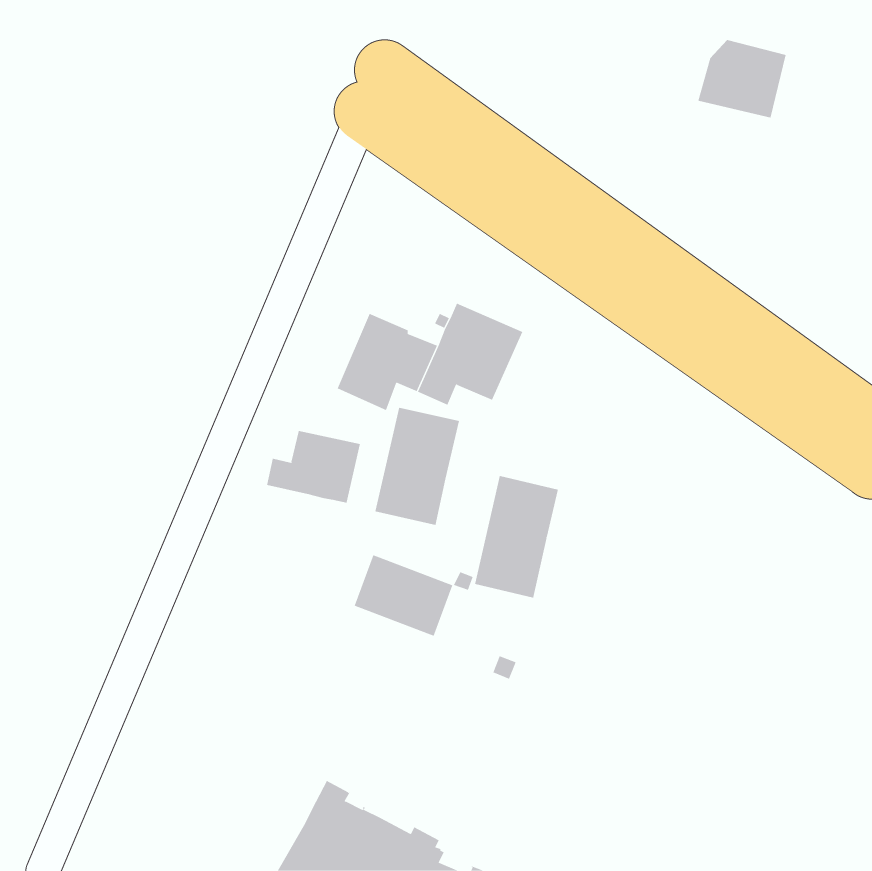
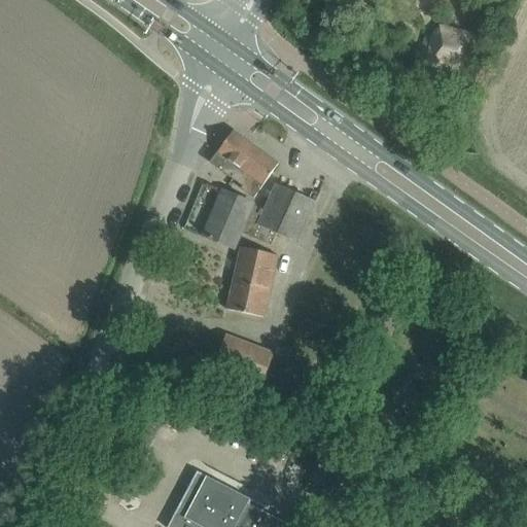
building: none -> [209,129,278,196]
building: [266,430,361,504] -> none
building: [474,475,559,599] -> none

